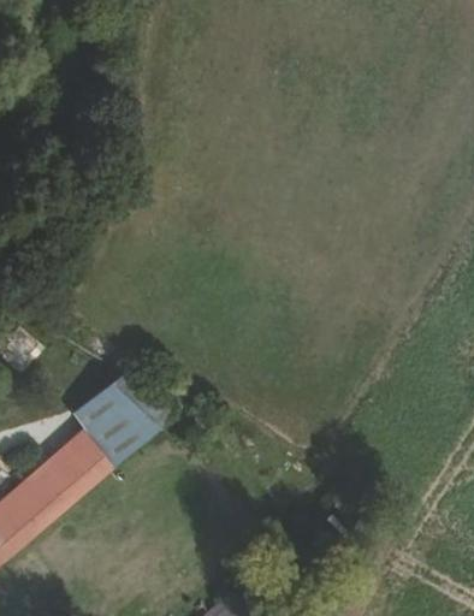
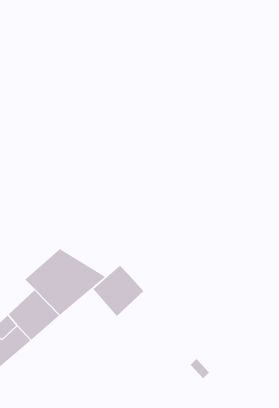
building: none -> [93,265,144,317]

